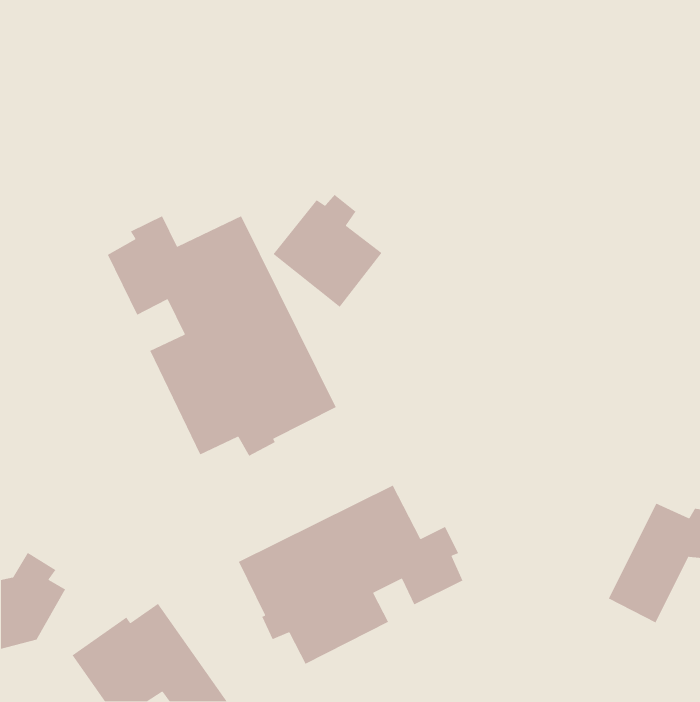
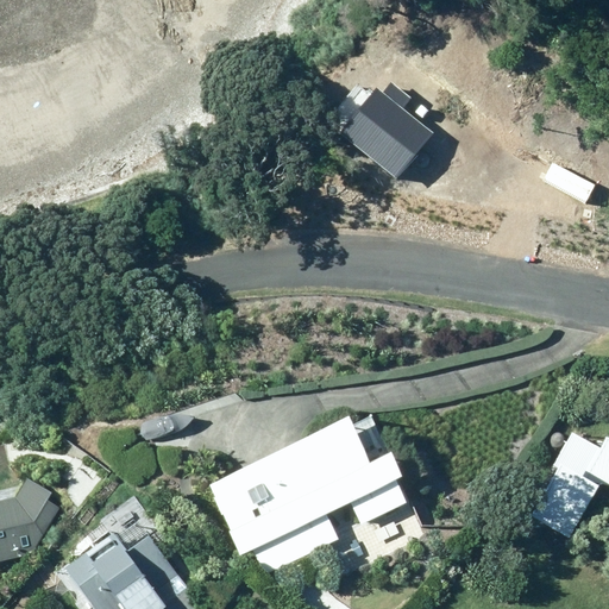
building: [273,194,383,308] -> [338,81,433,180]
building: [107,215,337,457] -> none

